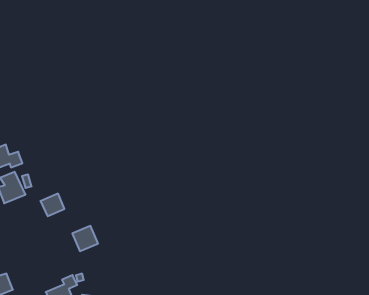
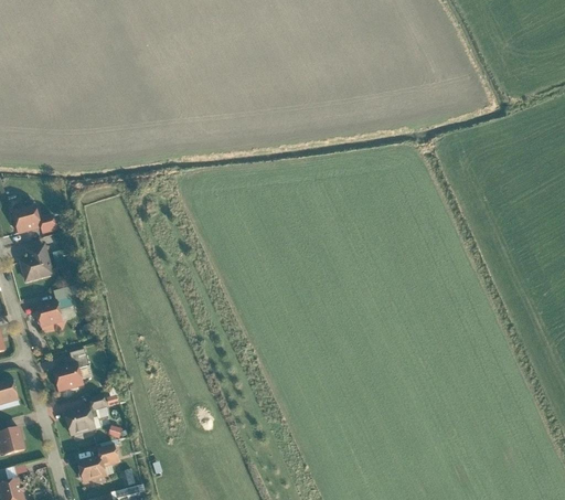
building: [40,194,64,216] -> [33,299,64,328]
building: [72,226,98,251] -> [52,361,85,393]

